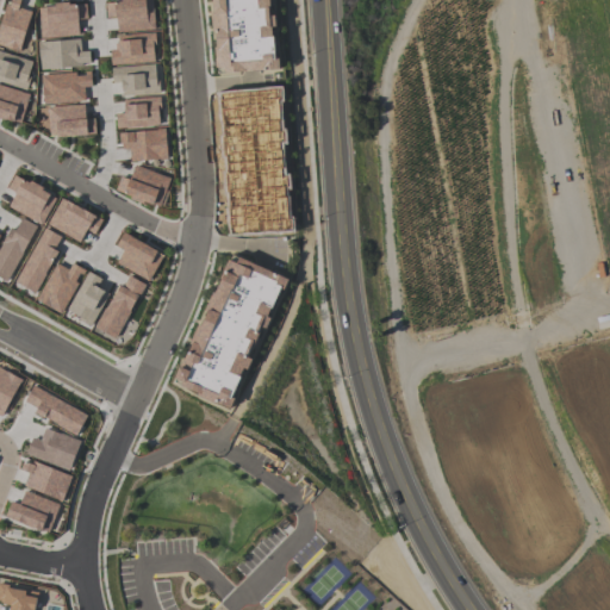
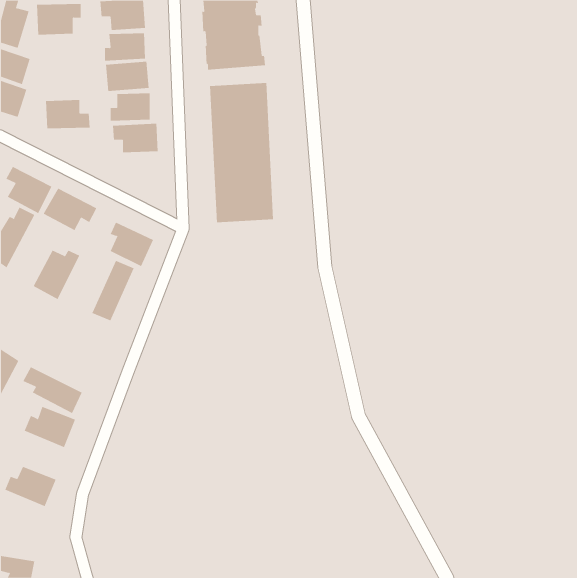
building: [38,39,91,69] -> none
building: [42,73,92,104] -> none
building: [116,166,170,207] -> none
building: [15,228,62,293] -> none
building: [178,254,281,406] -> none
building: [69,272,108,324] -> none
building: [20,459,73,502] -> none

